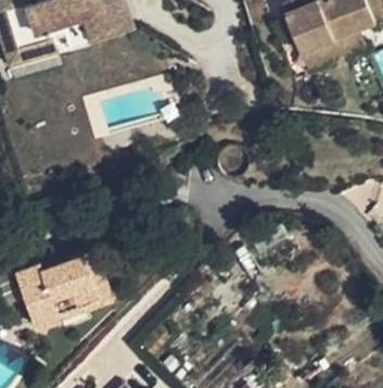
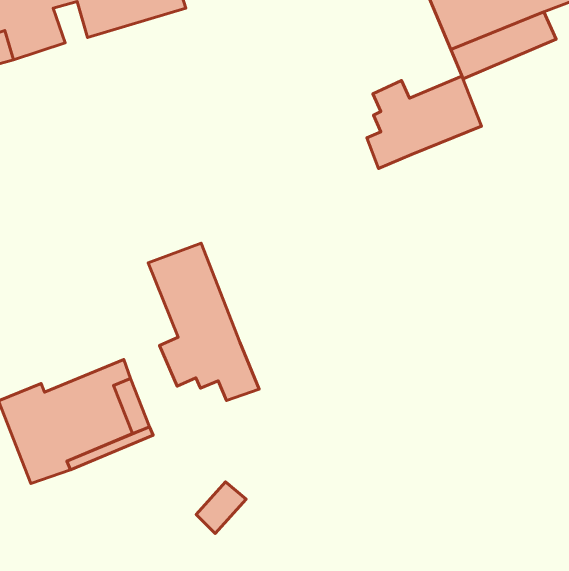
building: none -> [367,76,481,169]
building: none -> [148,243,259,401]

